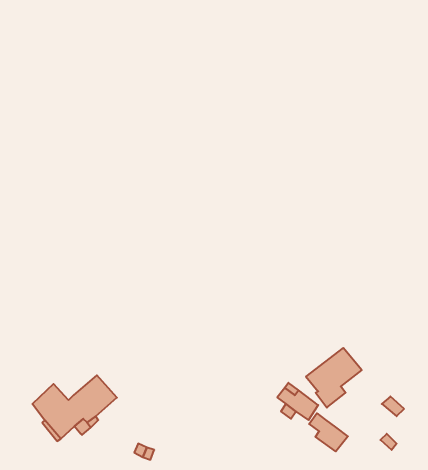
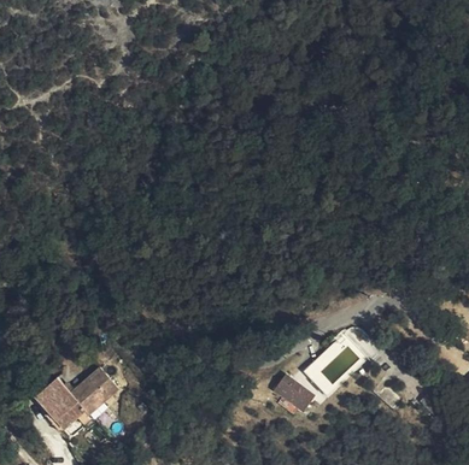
building: [309,413,348,451] -> none

